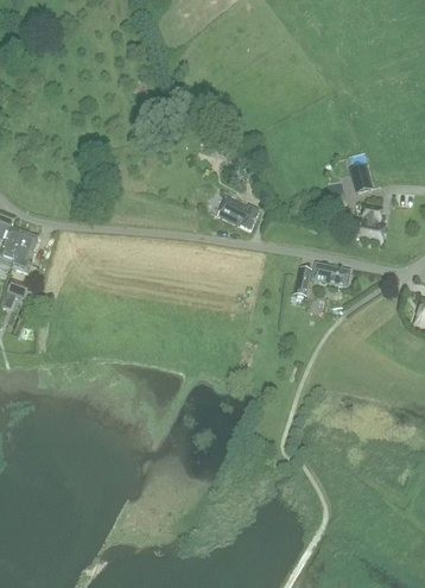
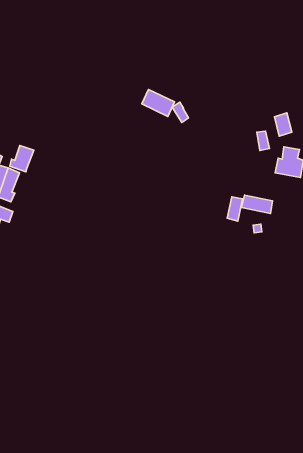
building: [218,195,259,228] -> [142,89,174,116]
building: none -> [10,145,34,172]

